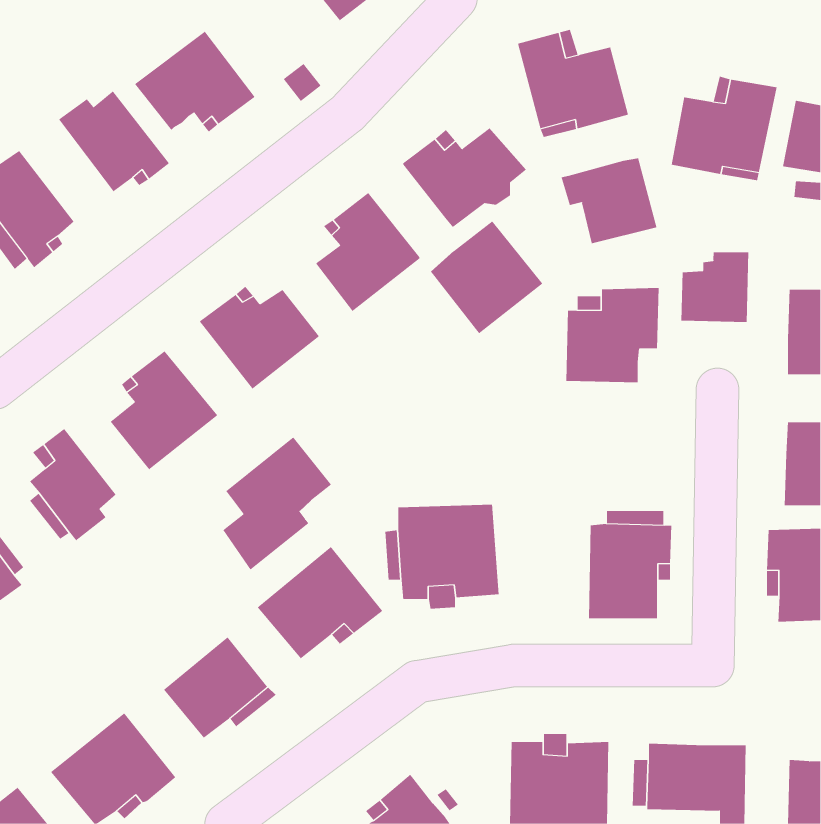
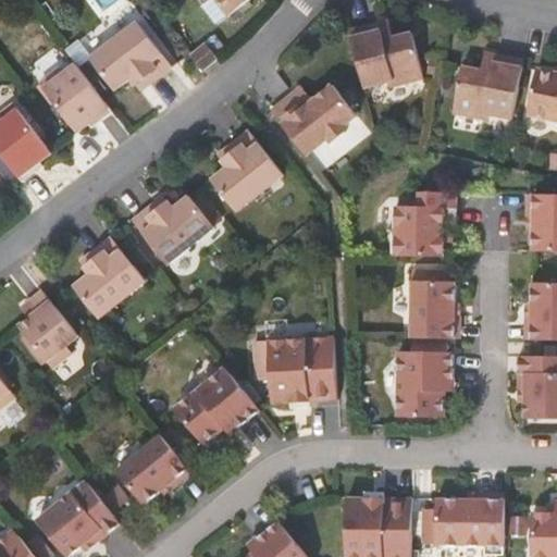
building: [561,158,657,244] -> none
building: [430,220,543,334] -> none
building: [681,252,749,323] -> none
building: none -> [408,283,451,339]
building: [222,437,332,571] -> none

